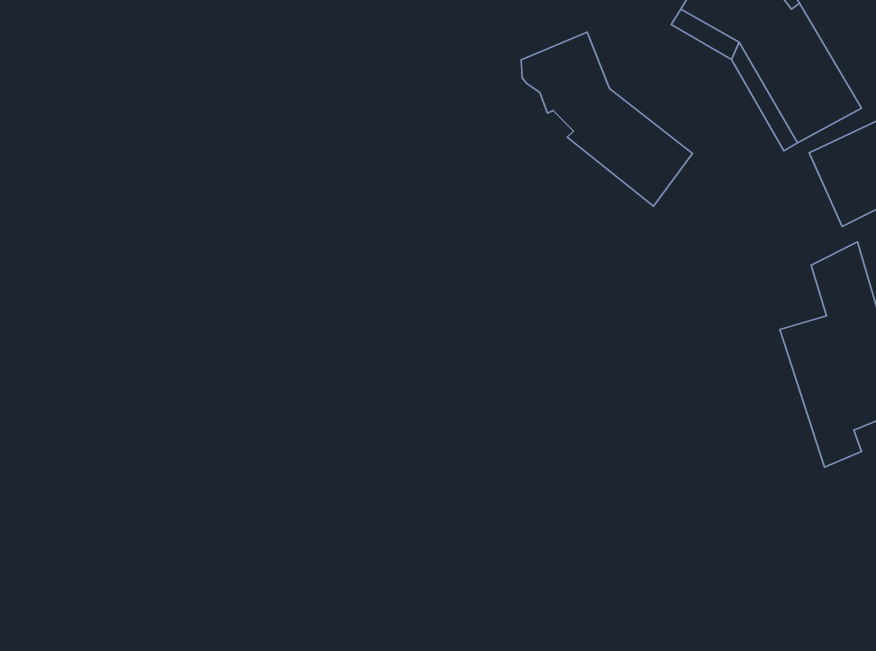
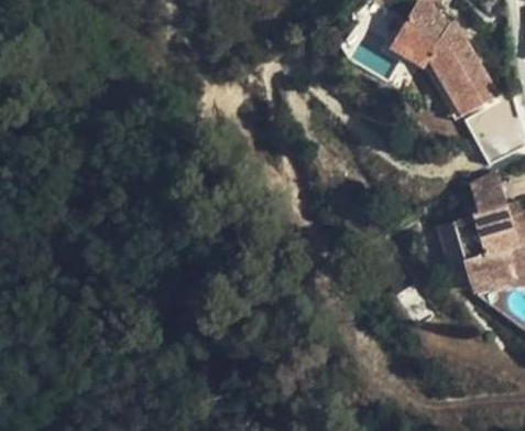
building: [521,32,693,206] -> none

